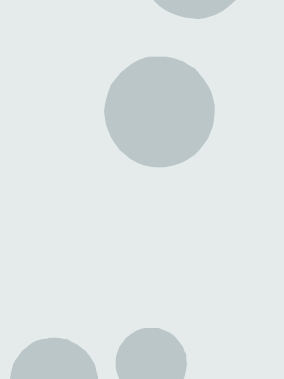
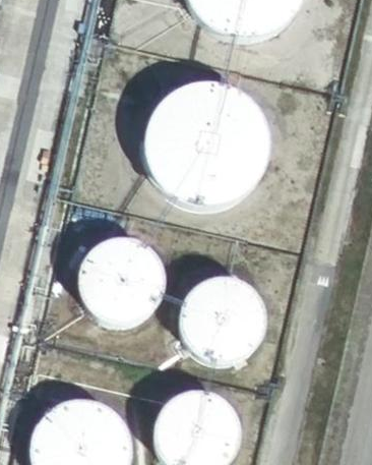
building: none -> [81,239,164,323]
building: none -> [182,282,265,365]

